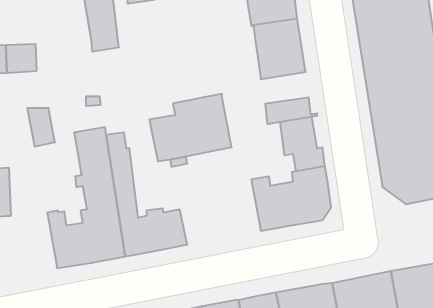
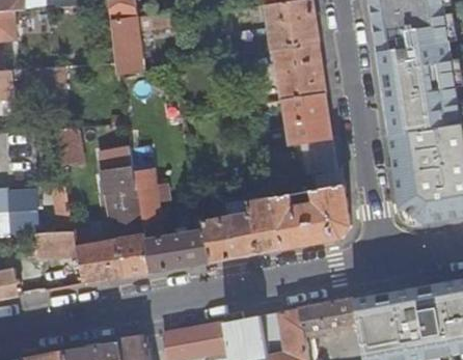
building: none -> [281,94,328,126]
building: [149,94,232,161] -> [201,197,281,262]
building: none -> [35,232,78,258]

